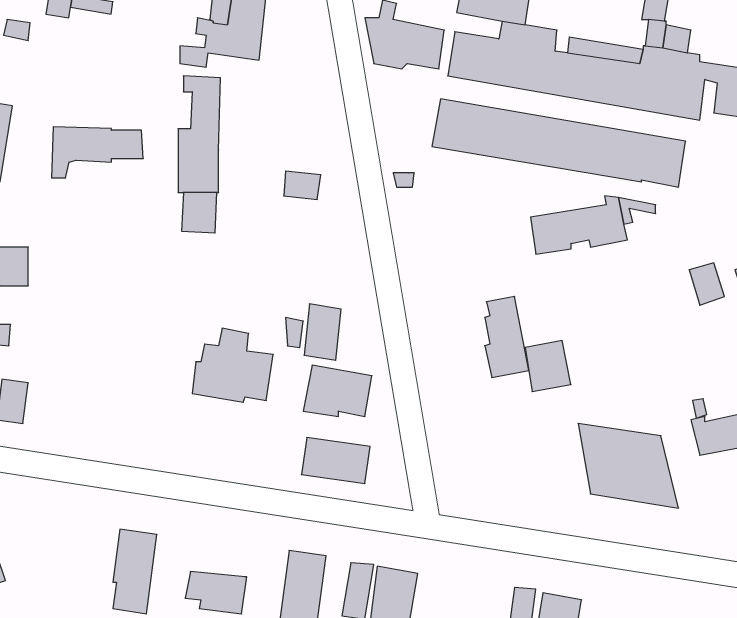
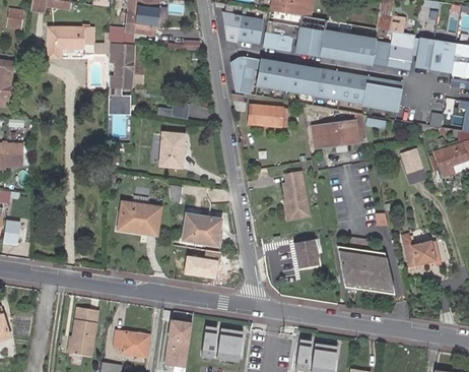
building: none -> [229,57,259,97]
building: [52,127,143,178] -> [47,28,99,58]
building: none -> [247,106,285,126]
building: [304,304,341,360] -> [159,133,181,166]
building: [525,340,571,392] -> [294,239,321,268]

